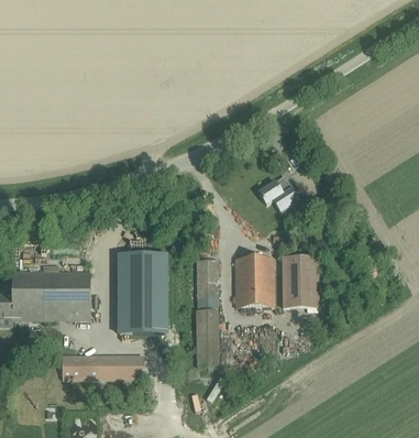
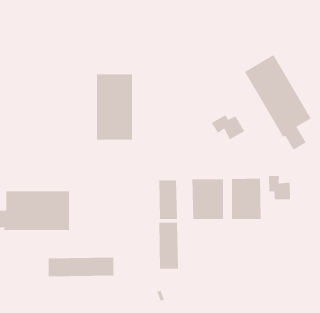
building: none -> [244,54,311,150]
building: none -> [268,175,290,200]
building: [121,255,165,335] -> [96,74,133,140]

